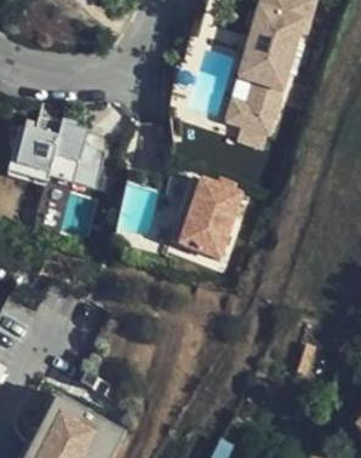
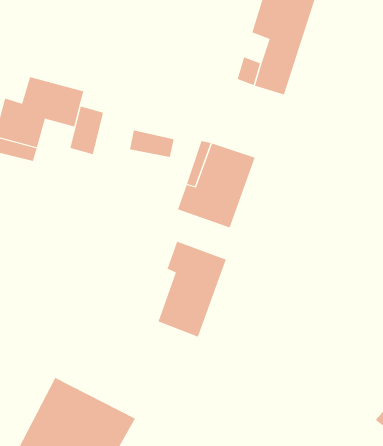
building: none -> [158,241,226,337]

